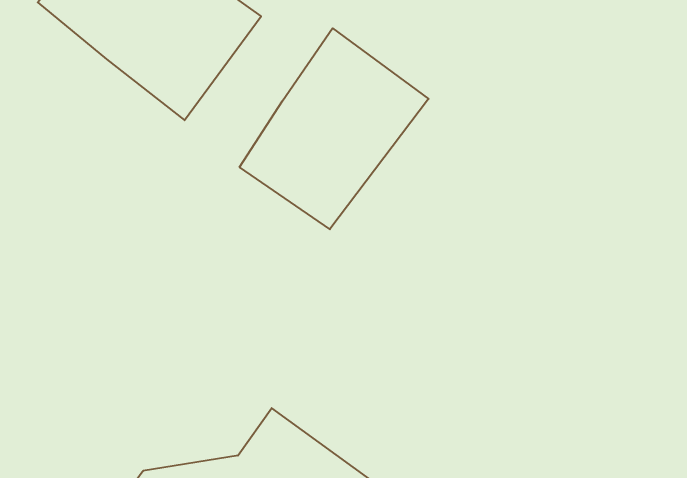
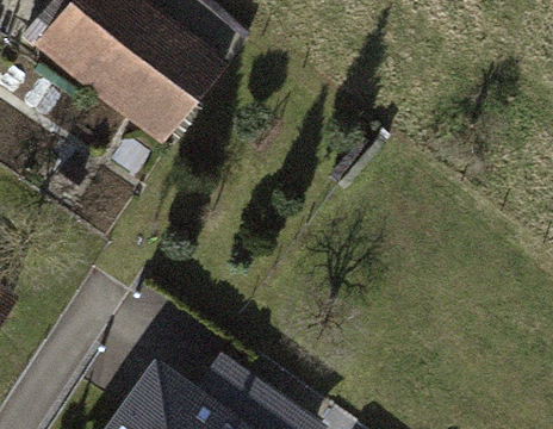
building: [240,28,429,229] -> none

